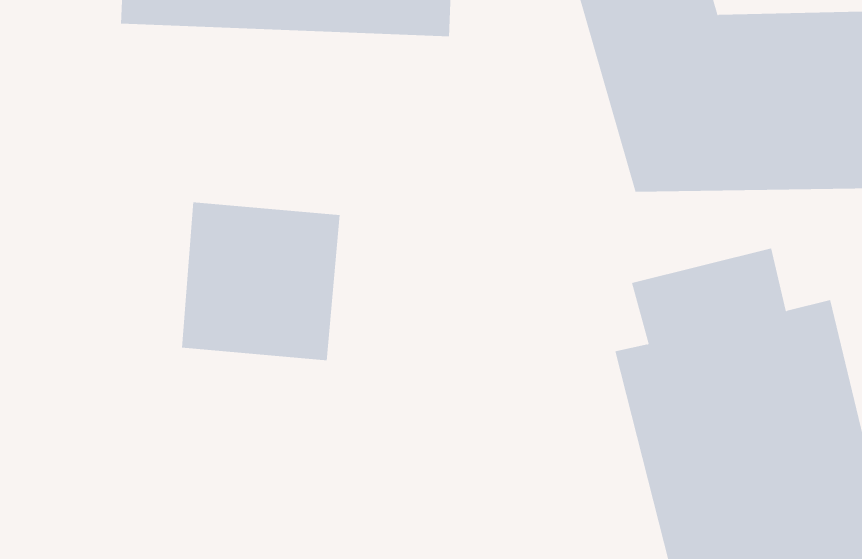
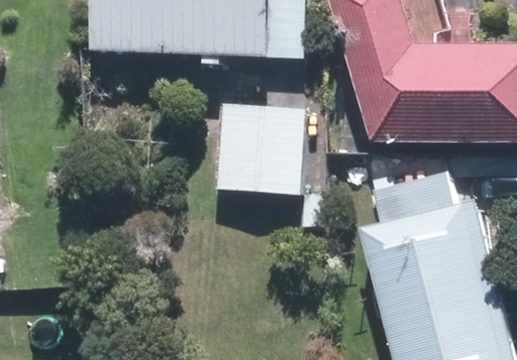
building: [181,202,340,361] -> [216,106,303,193]

